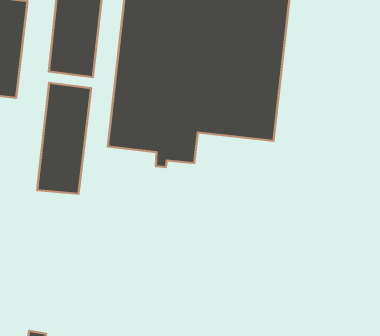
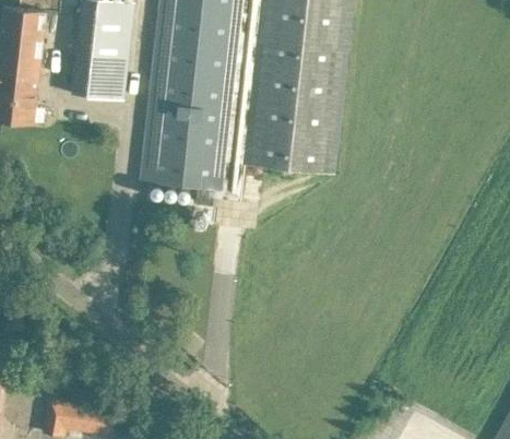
building: [37,83,91,194] -> none

